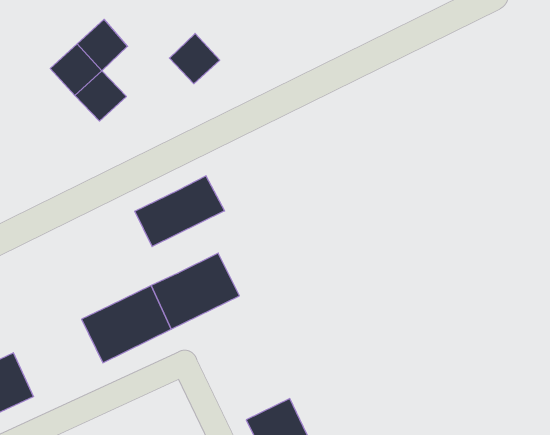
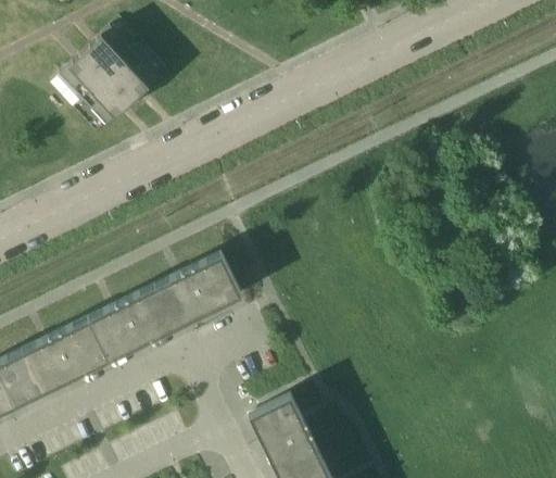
building: [169,33,220,84] -> [109,52,157,101]
building: [135,176,225,247] -> none
building: none -> [23,317,110,392]

